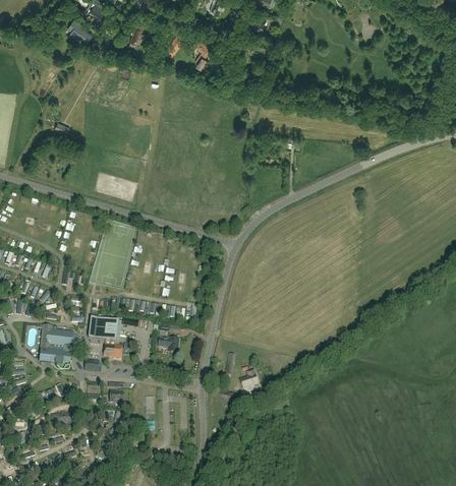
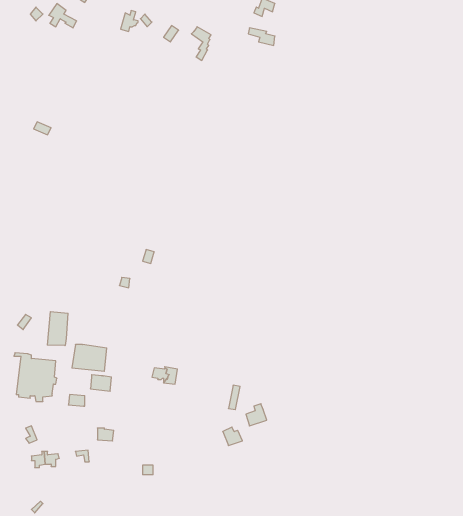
building: none -> [47,312,68,346]

